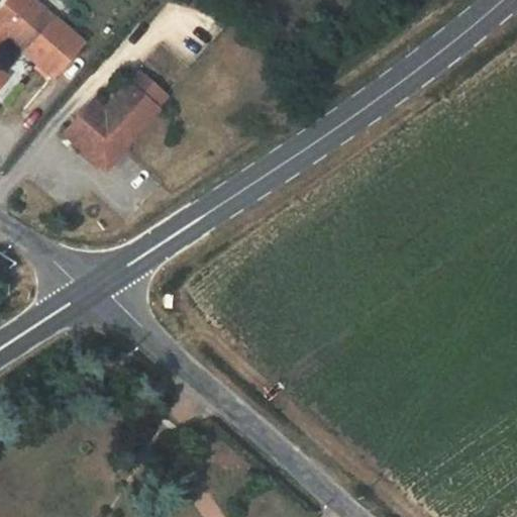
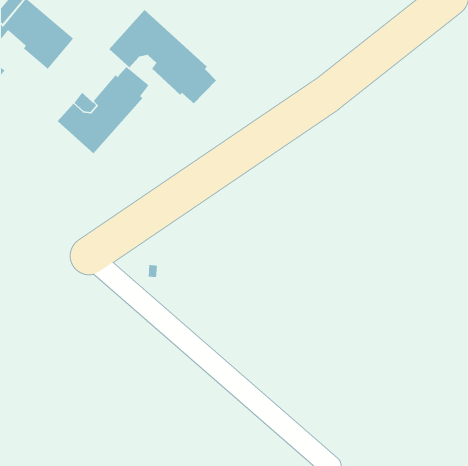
building: none -> [108,9,217,104]

